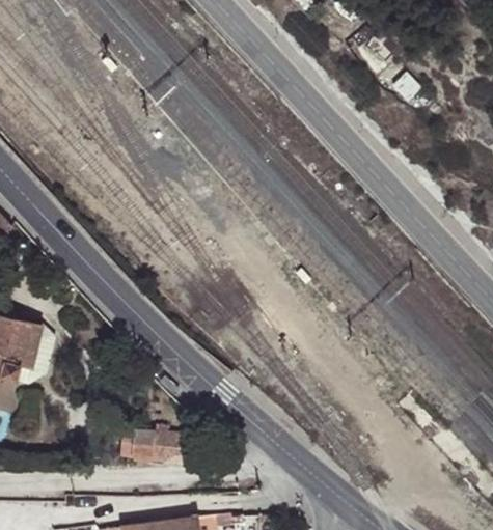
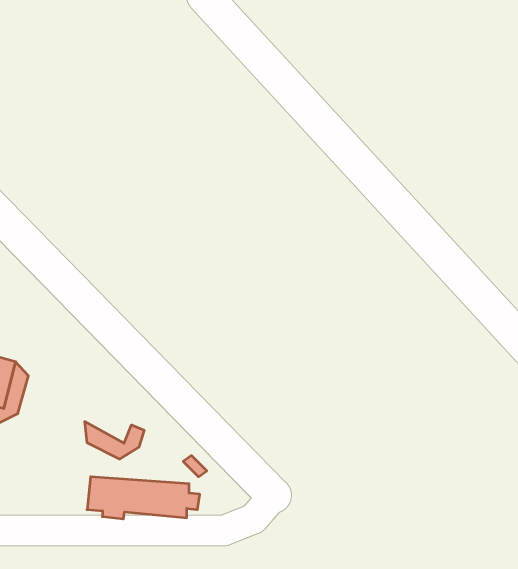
building: none -> [85,422,144,459]

